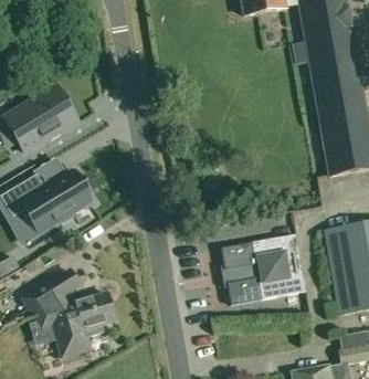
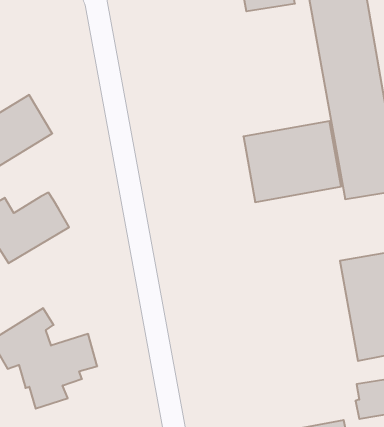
building: [221,234,305,304] -> [243,121,341,202]

